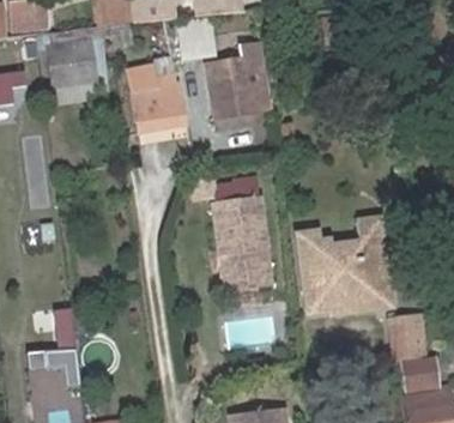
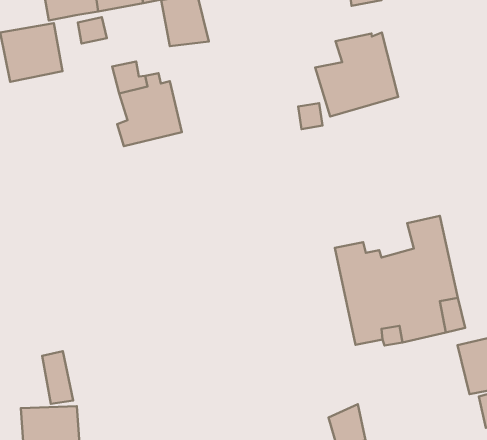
building: [204,62,267,125] -> [315,33,398,116]
building: [212,197,271,288] -> none

